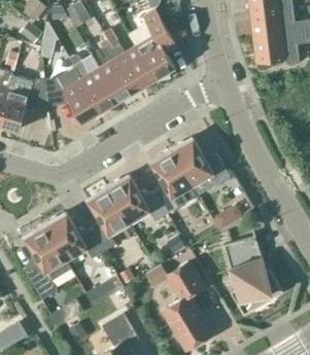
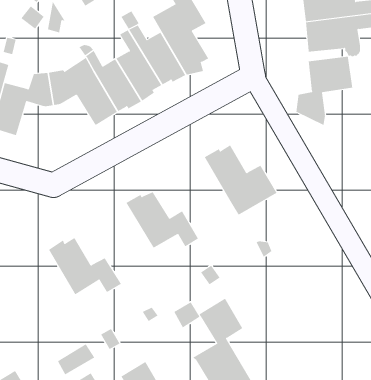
building: none -> [296,56,353,126]
building: [151,148,193,214] -> none
building: [88,185,130,251] -> none
building: [24,223,71,300] -> none
building: [223,236,283,315] -> none

